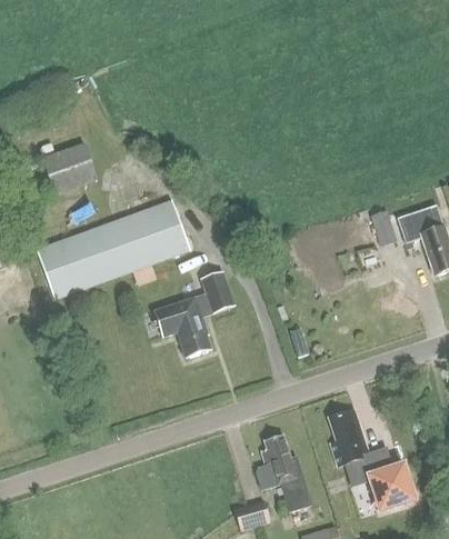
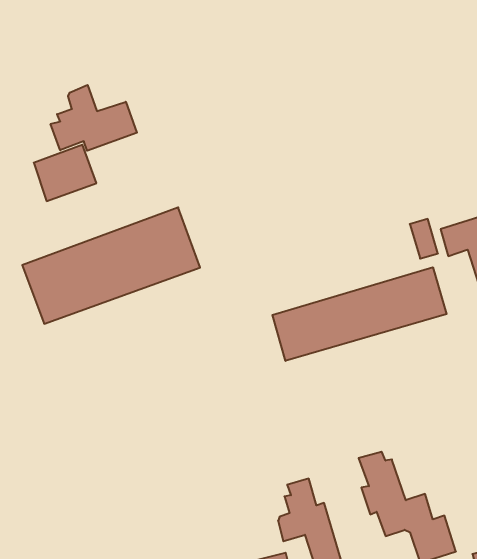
building: none -> [51,85,137,151]
building: none -> [272,267,447,361]
building: [154,271,233,357] -> none

